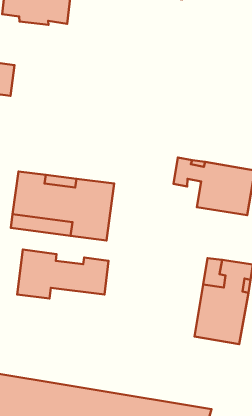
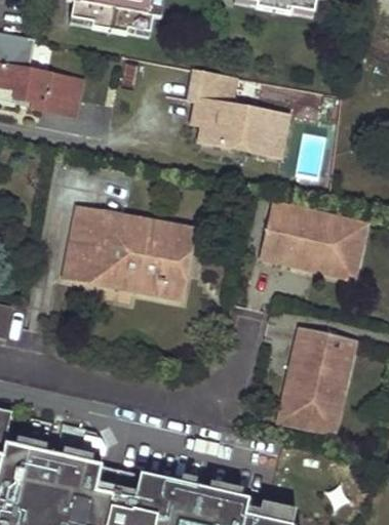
building: none -> [189,69,284,156]
building: none -> [259,231,299,266]
building: [17,250,109,299] -> none

